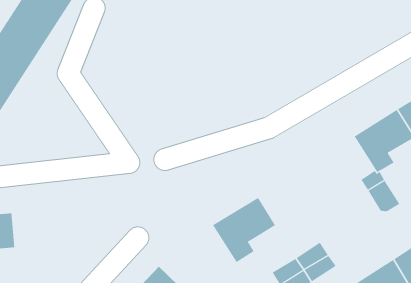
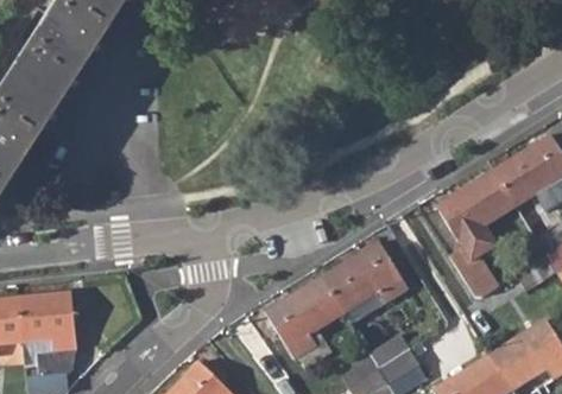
building: none -> [323,242,409,313]
building: none -> [20,293,77,376]

